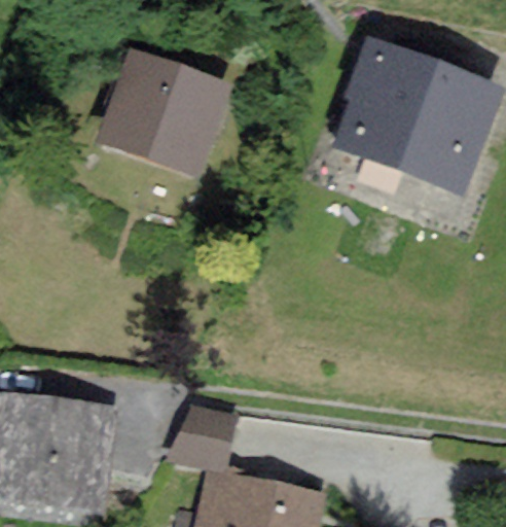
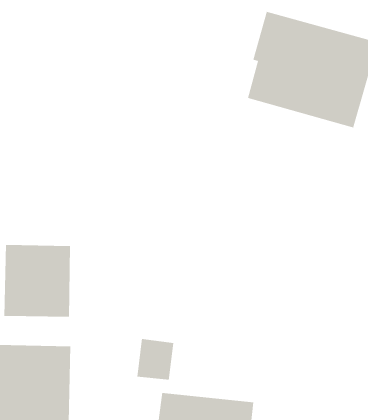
building: [109,54,225,160] -> none
building: none -> [4,244,70,318]

